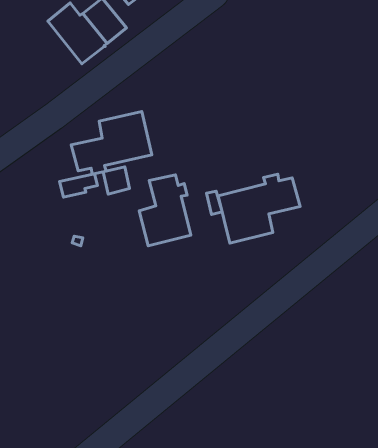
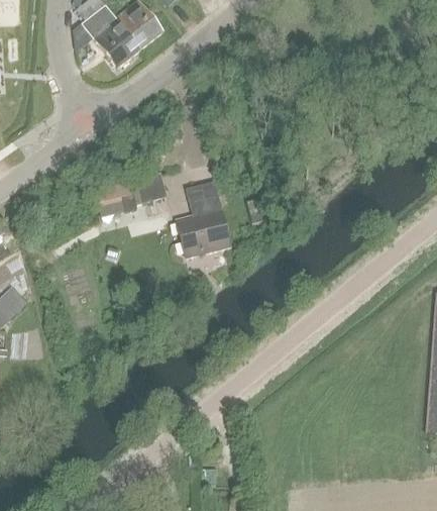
building: [71,111,152,174] -> none
building: [218,174,300,243] -> none

